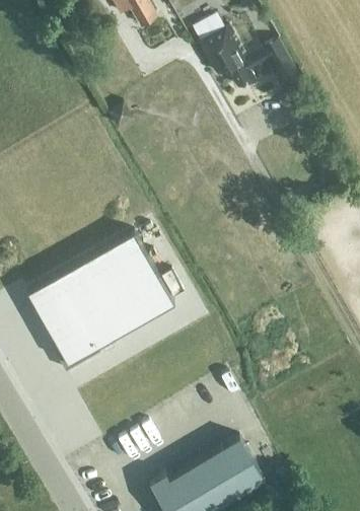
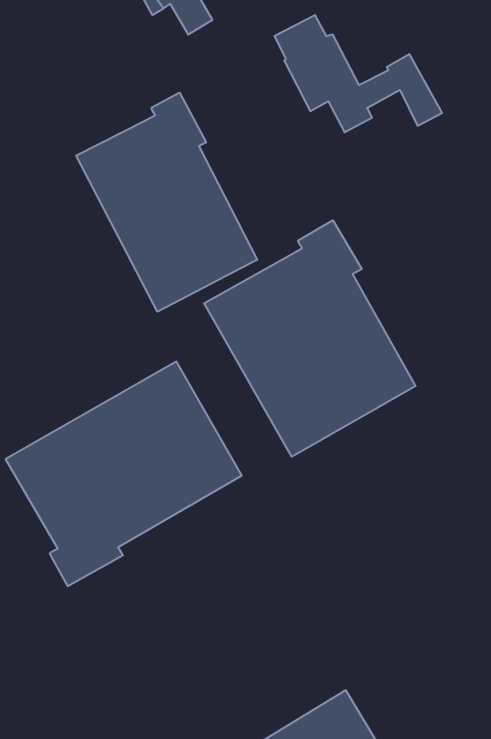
building: none -> [76,93,257,312]
building: none -> [204,220,416,457]

